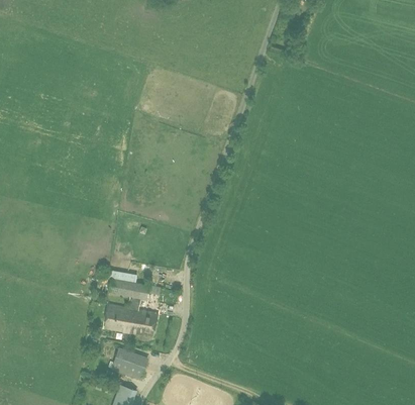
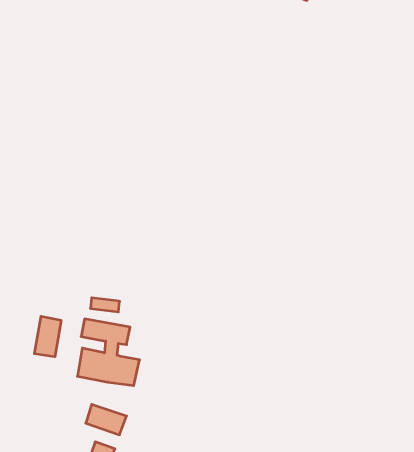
building: none -> [34,316,61,357]

